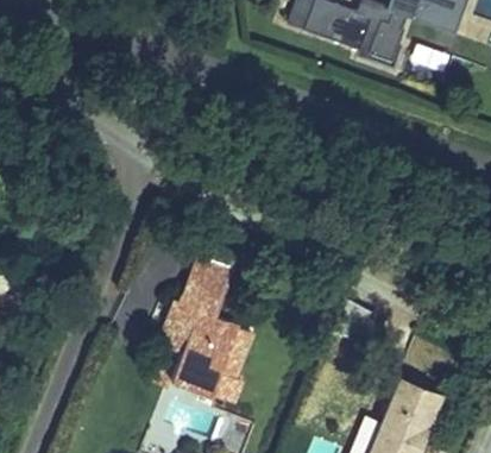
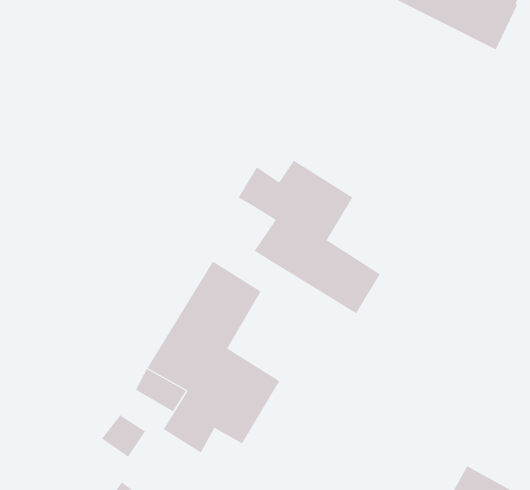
building: none -> [238,160,380,314]

